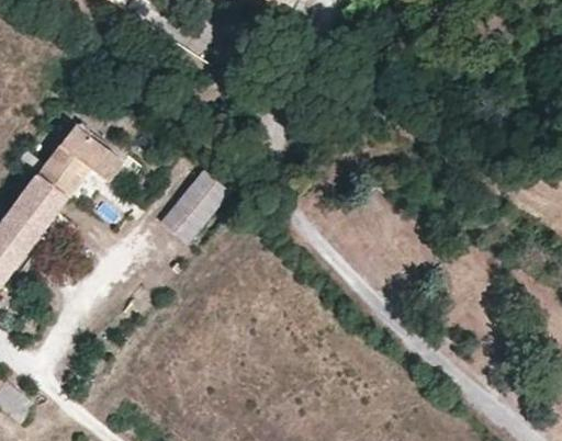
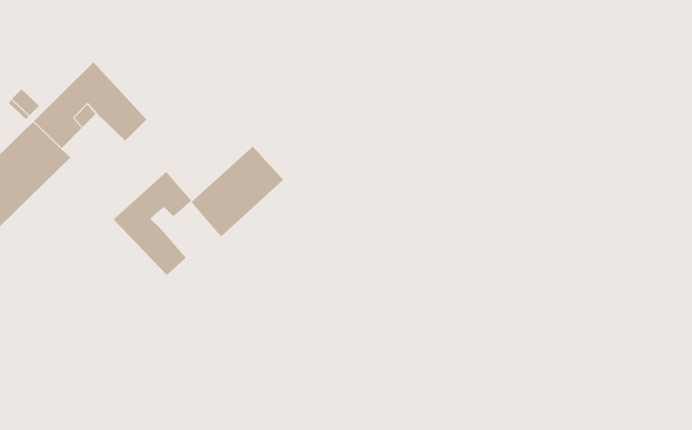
building: none -> [113,171,192,276]

